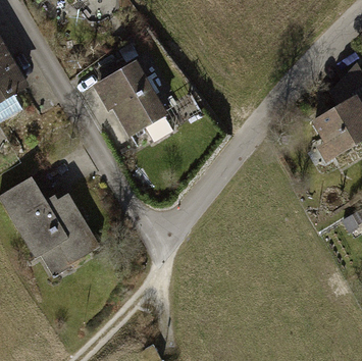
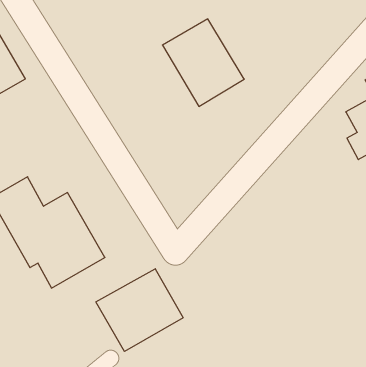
building: [94,62,167,141] -> [162,19,244,106]
building: none -> [96,269,183,351]

